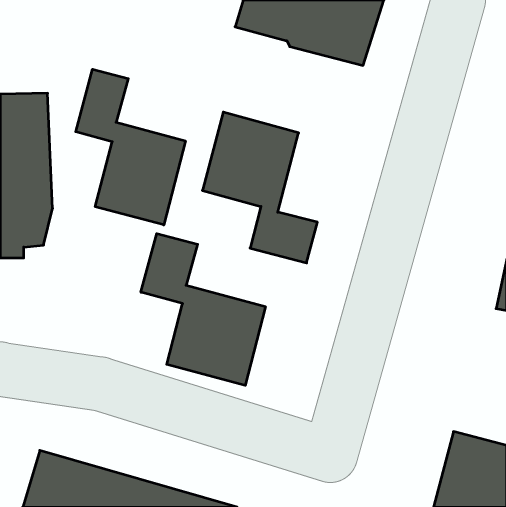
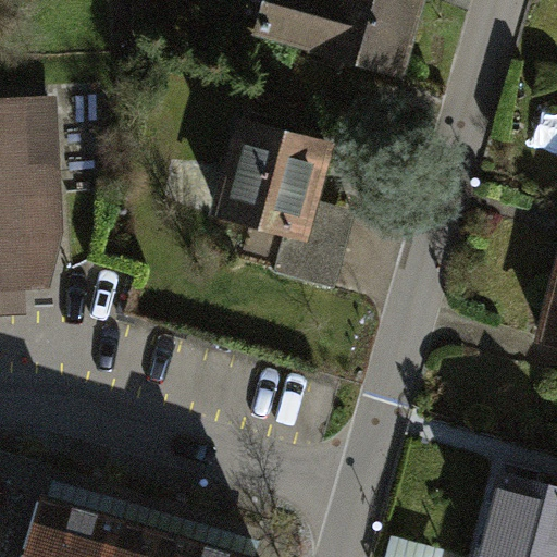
building: [76,69,185,225] -> none
building: [141,234,265,385] -> none

